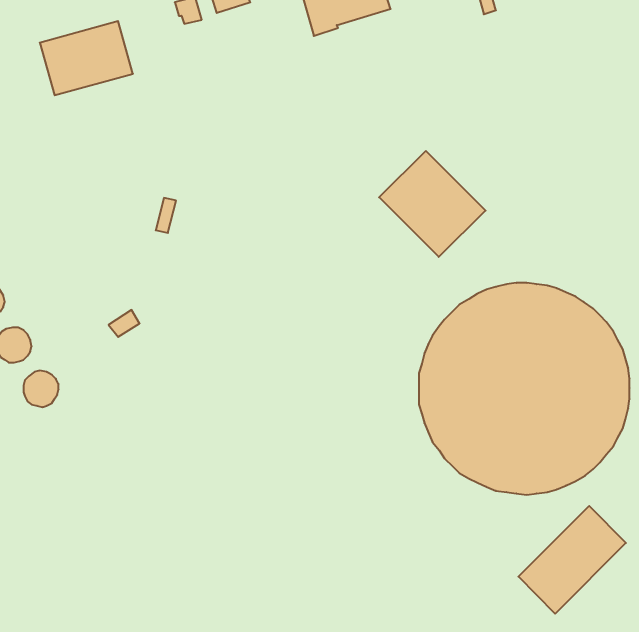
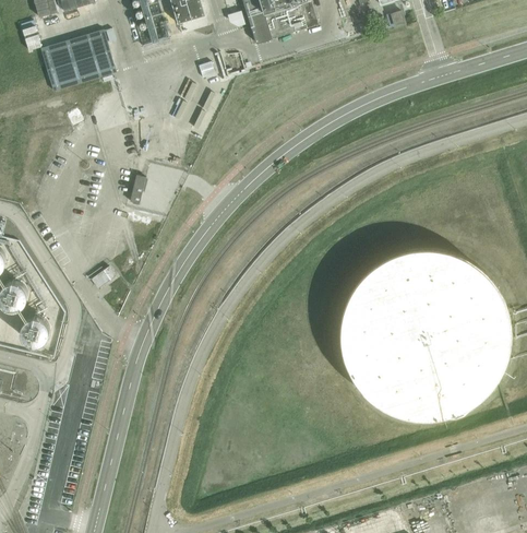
building: [379,151,486,257] -> none
building: [518,506,626,614] -> none

